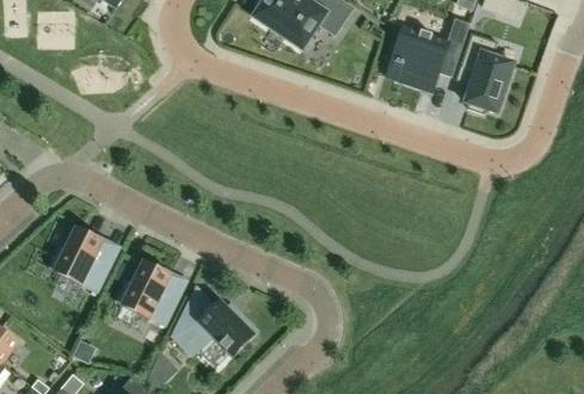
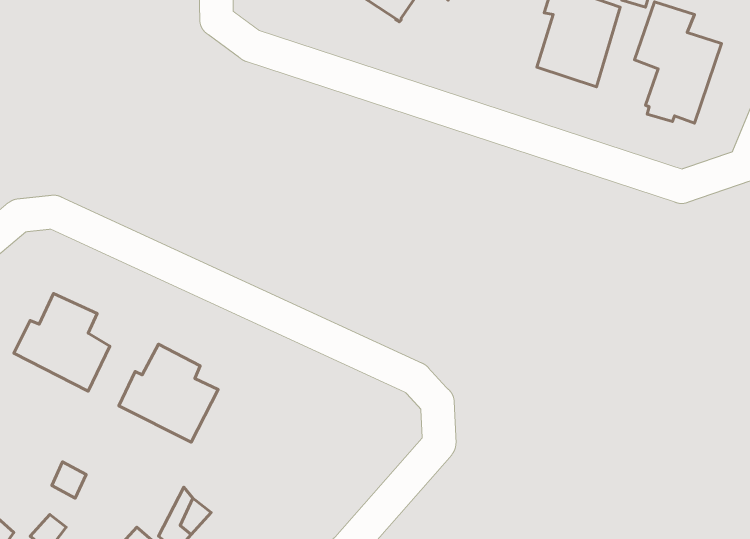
building: [171,300,258,356] -> none

